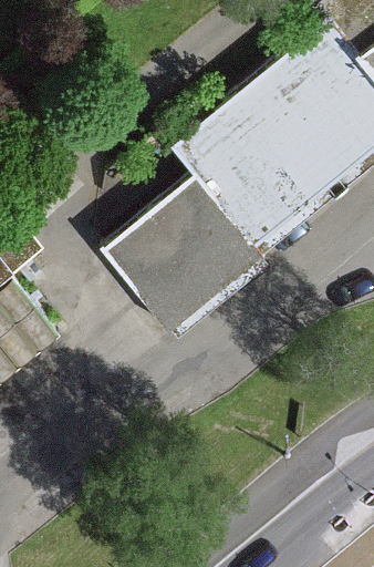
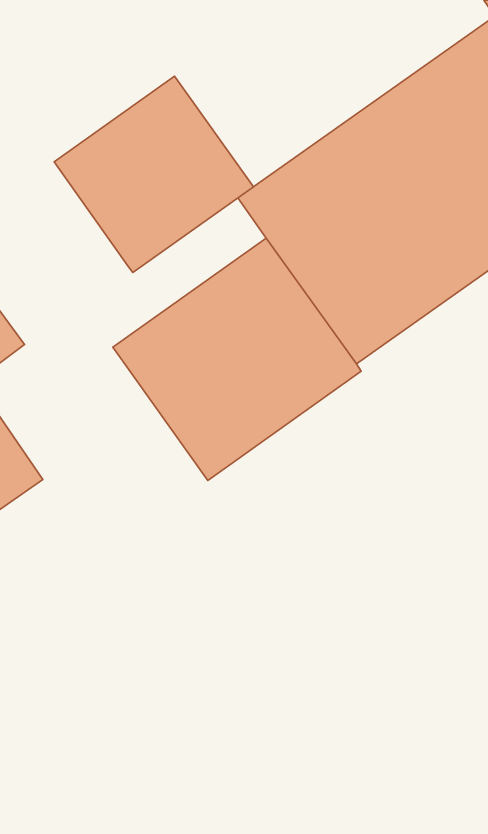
building: none -> [54,76,253,272]

